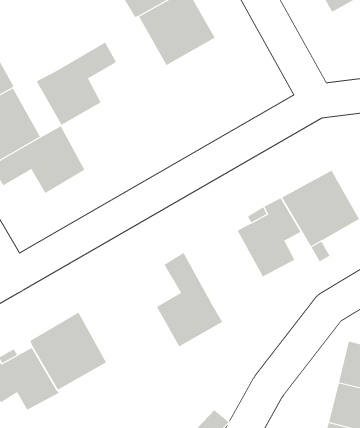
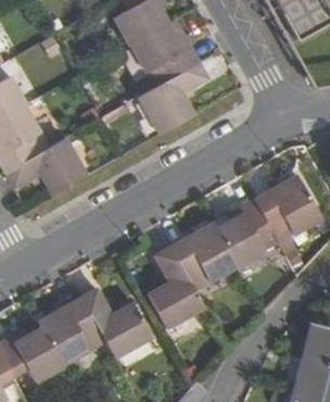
building: [36,42,117,125] -> [138,62,207,134]
building: none -> [170,222,237,289]
building: none -> [80,288,152,357]

